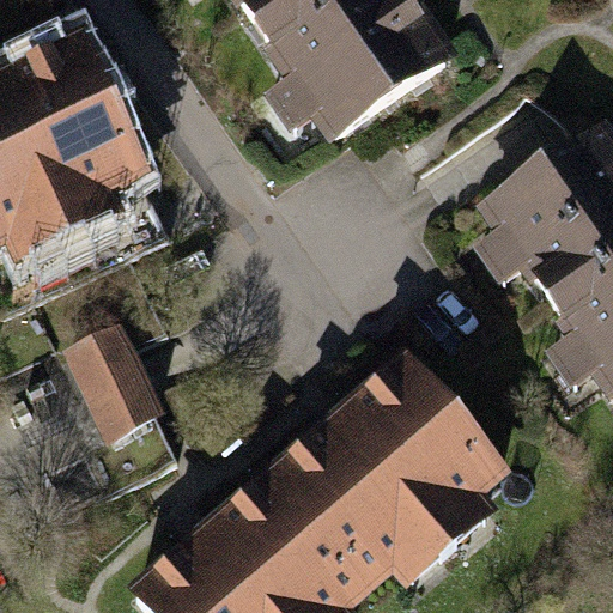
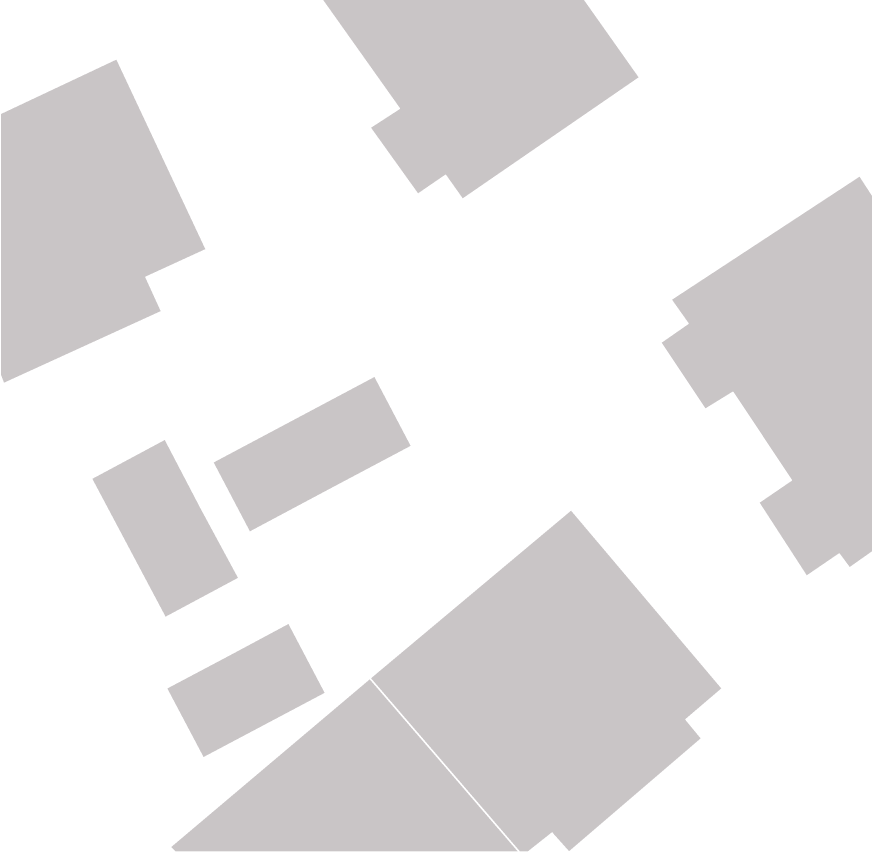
building: none -> [213,376,412,532]
building: none -> [166,623,326,758]

